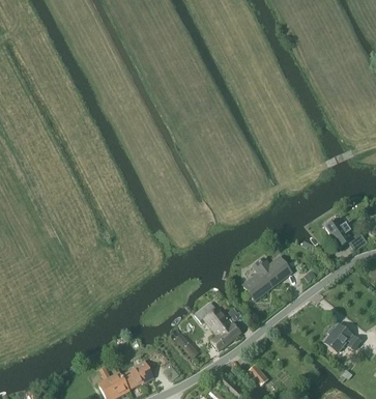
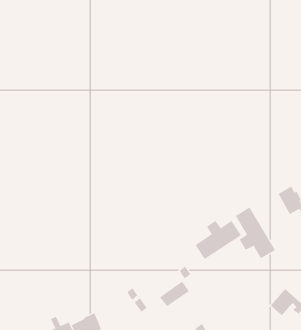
building: none -> [235,206,276,259]
building: [195,302,232,336] -> none

